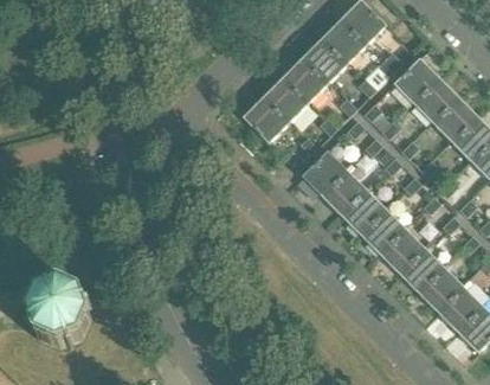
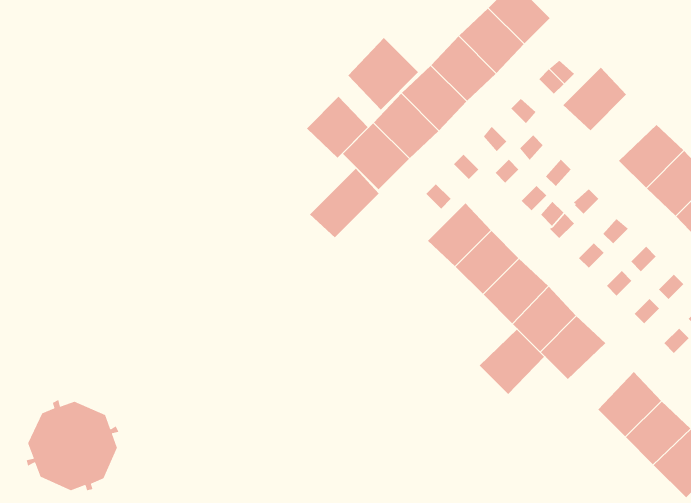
building: none -> [348,37,419,110]
building: [413,77,458,122] -> none
building: none -> [306,96,369,158]
building: none -> [309,168,380,238]
building: [398,246,443,291] -> [479,329,545,395]

